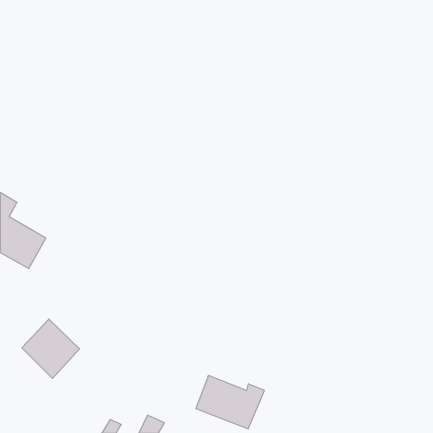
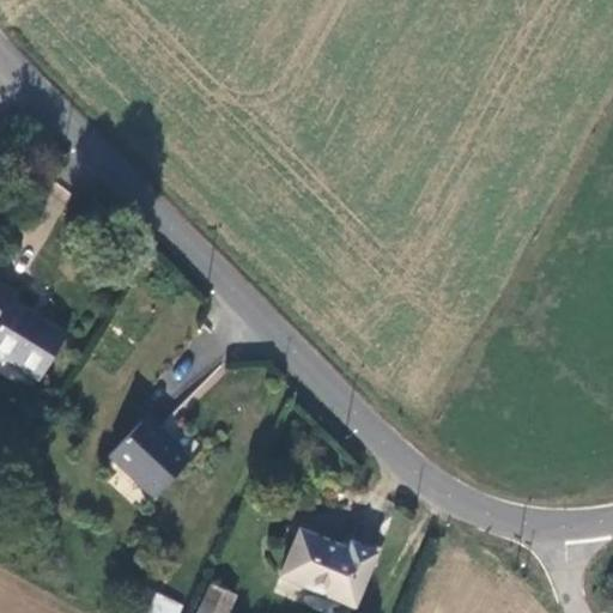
building: [22,319,80,378] -> [109,417,190,500]

